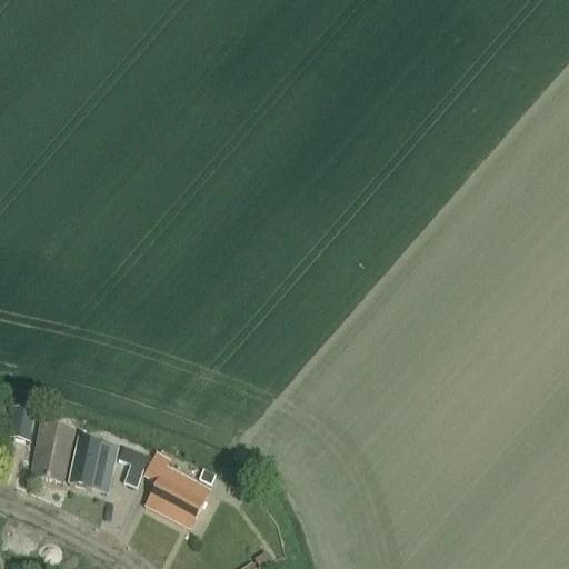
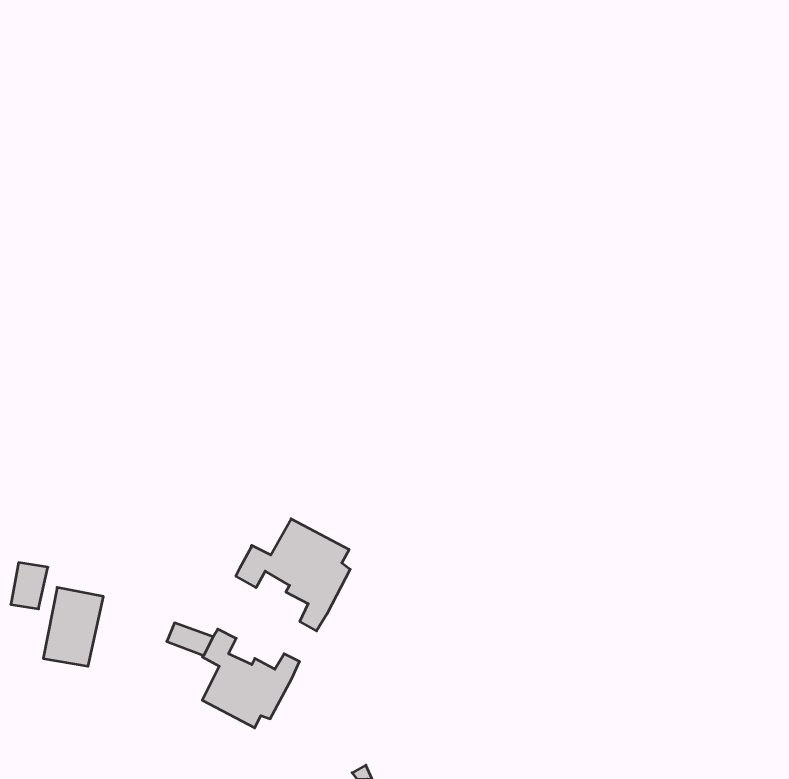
building: none -> [236,519,350,631]
building: [70,437,118,487] -> none

